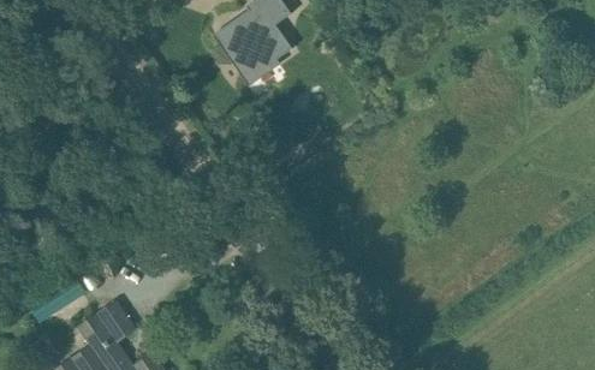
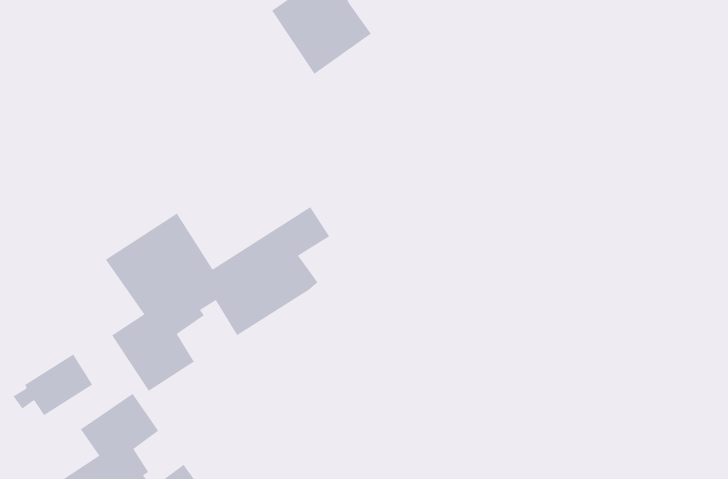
building: none -> [105,206,330,392]

